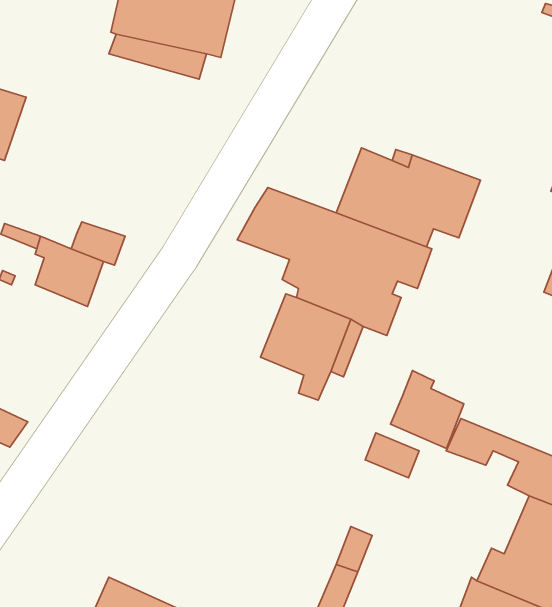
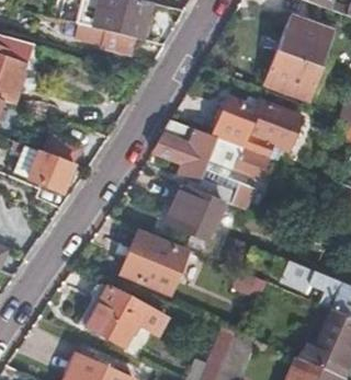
building: none -> [265,14,333,100]
building: [391,371,464,449] -> none
building: none -> [120,231,185,293]
building: none -> [84,286,159,346]

